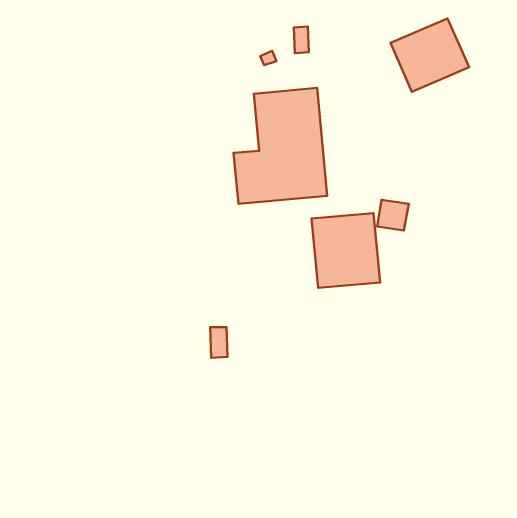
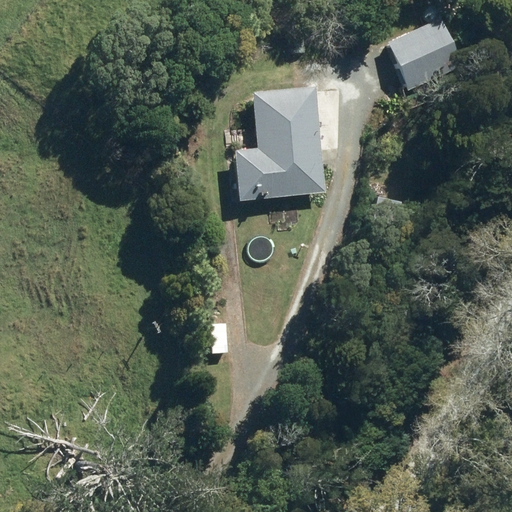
building: [311,213,380,288] -> none

